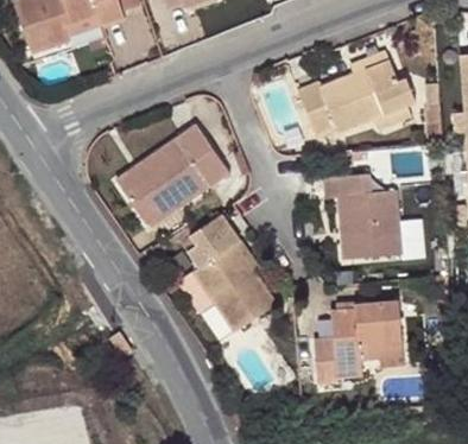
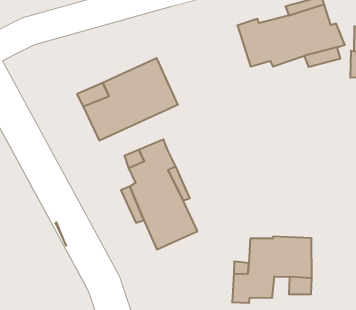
building: [328,173,403,260] -> none

